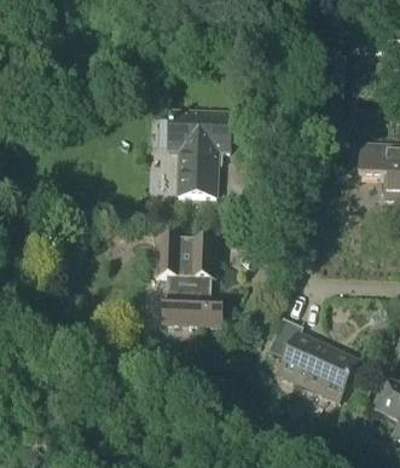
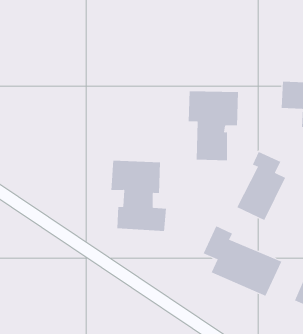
building: [168,109,230,193] -> [188,91,239,161]
building: none -> [237,151,286,221]

